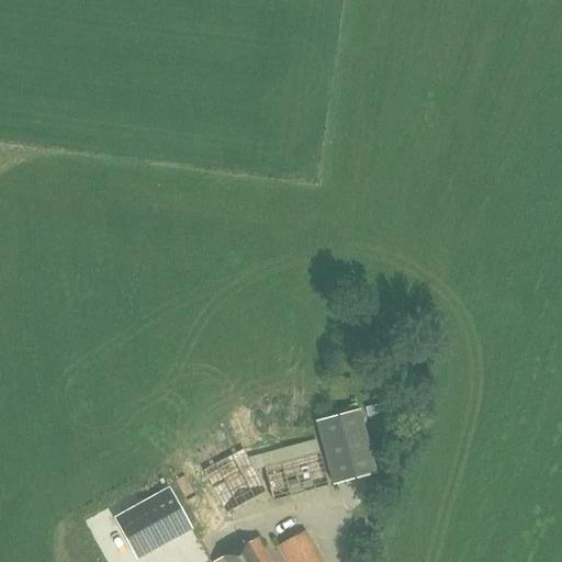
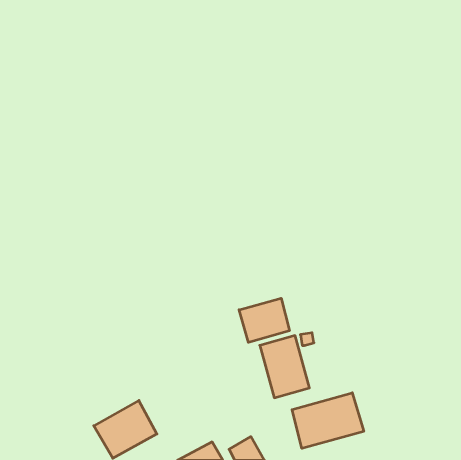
building: none -> [239,298,289,342]
building: none -> [292,393,364,448]

